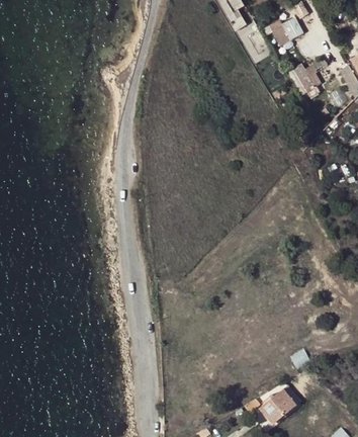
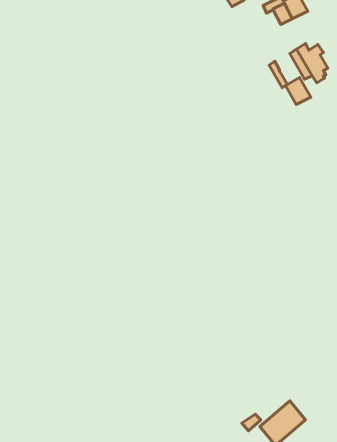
building: none -> [269,61,311,104]

